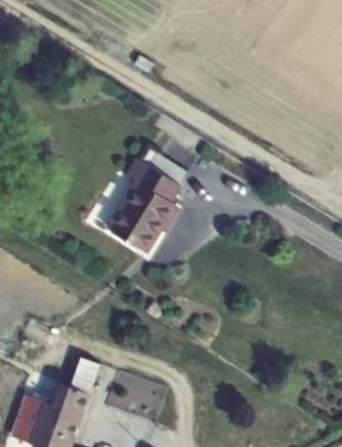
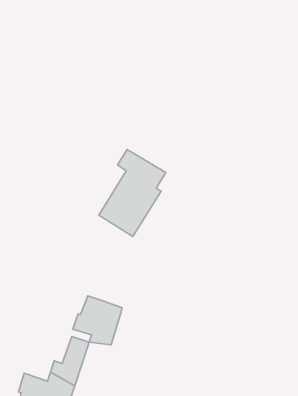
building: none -> [73,296,122,345]

